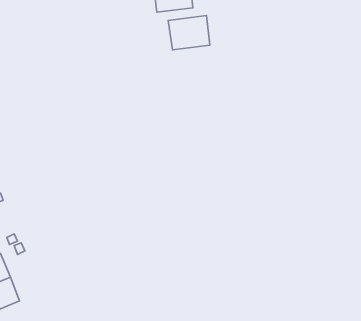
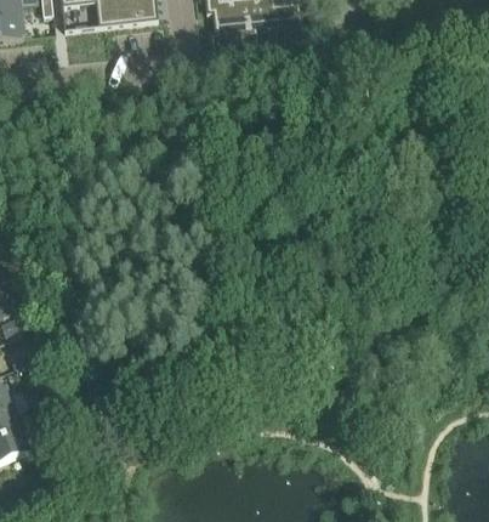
building: [168,16,210,50] -> none

